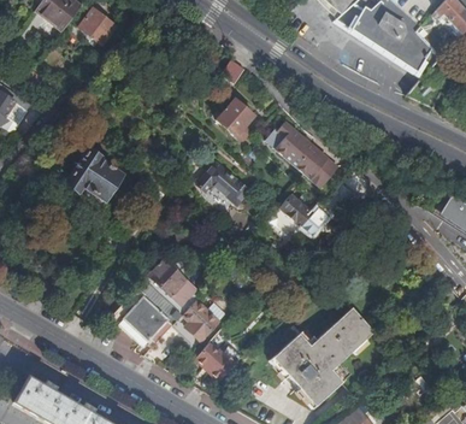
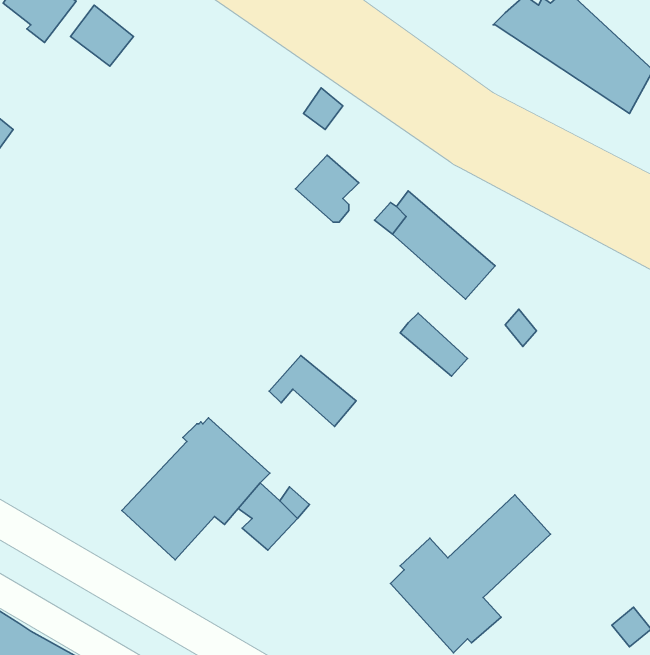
building: [65,149,117,196] -> none
building: [196,161,249,205] -> [269,356,356,427]
building: [195,341,236,379] -> none

